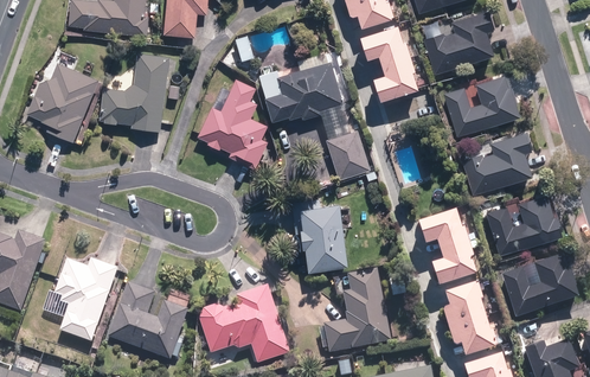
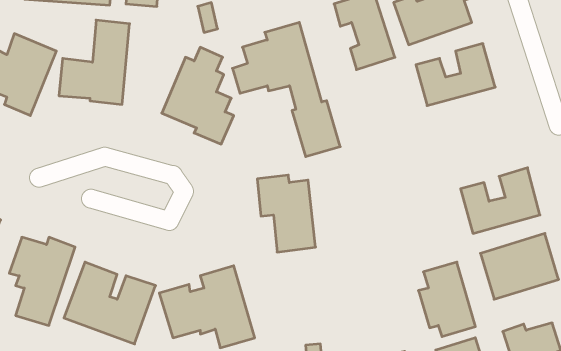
building: [463,132,536,198] -> none
building: [419,210,479,286] -> none
building: [325,267,389,353] -> none

